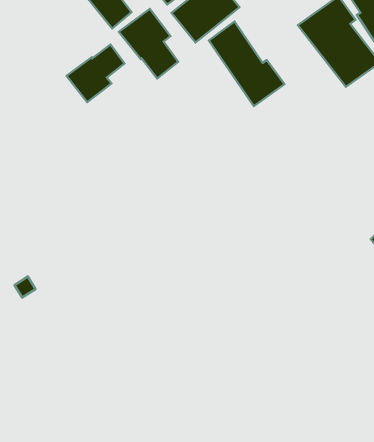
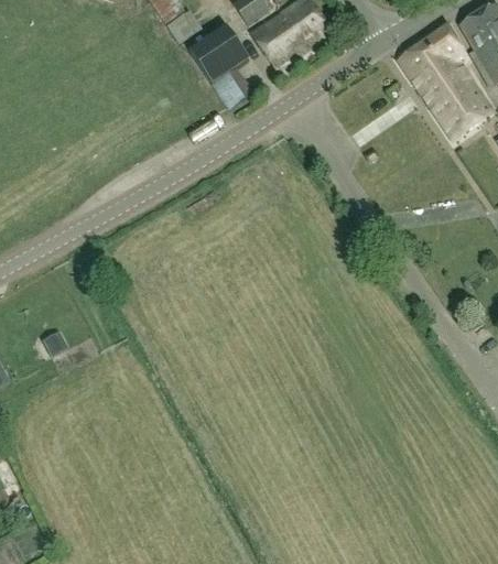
building: [209,21,285,106] -> none
building: [66,44,125,102] -> none

